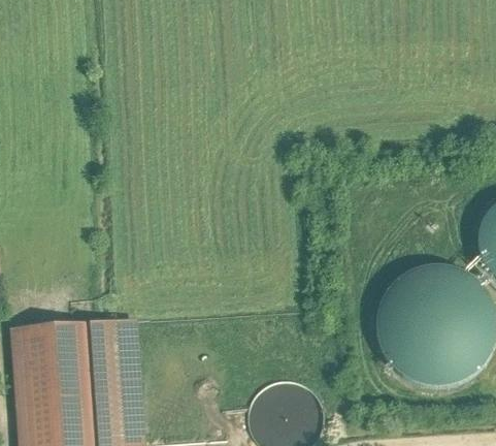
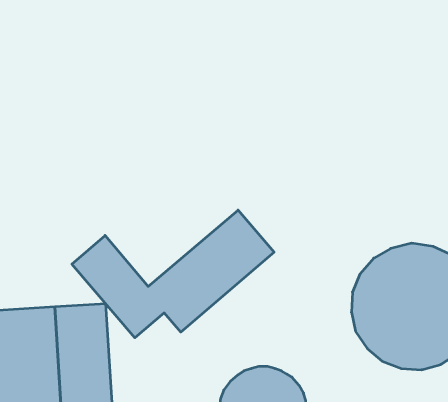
building: none -> [72,210,274,338]

